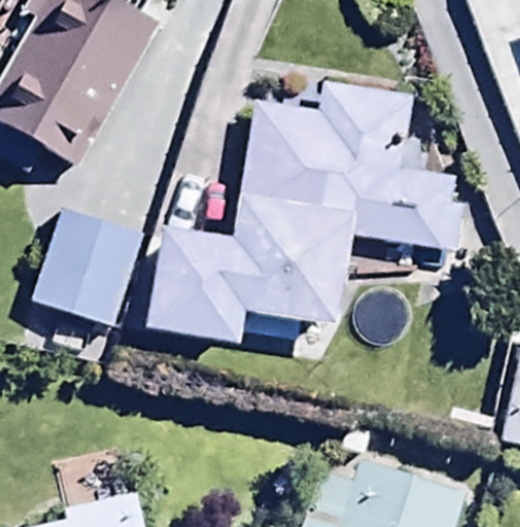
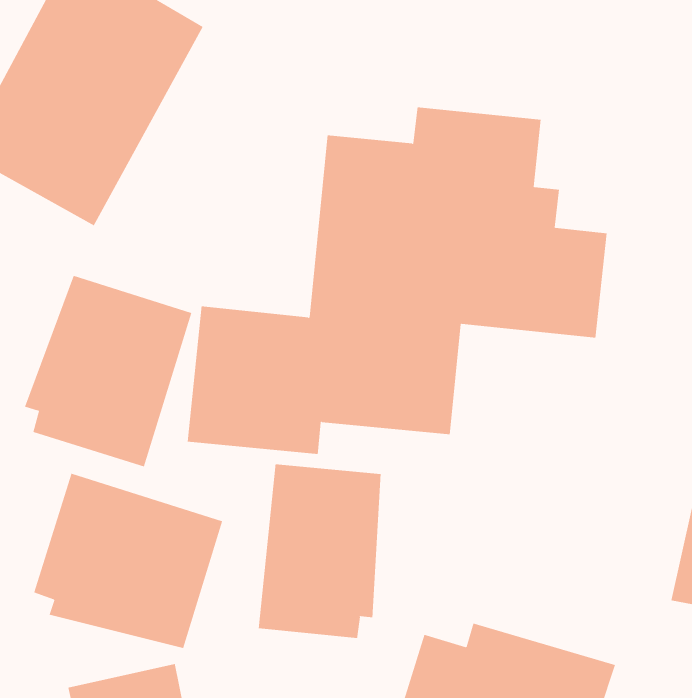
building: none -> [258,463,381,639]
building: none -> [34,473,223,649]

